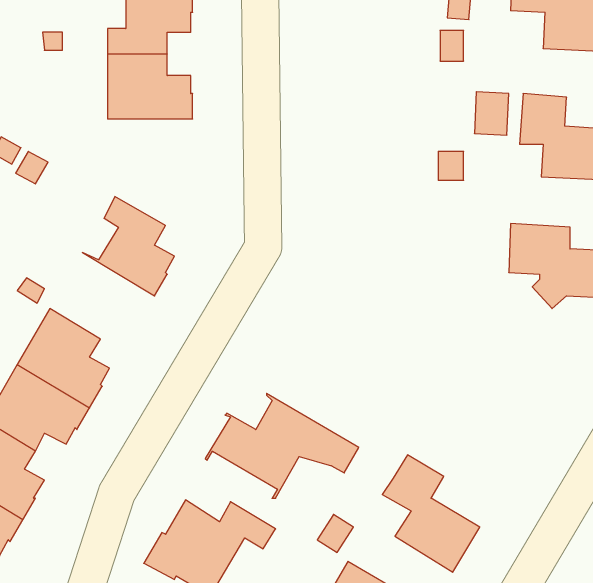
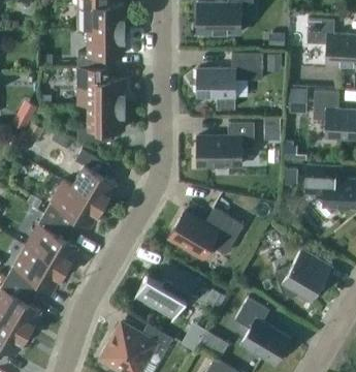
building: none -> [197,53,262,109]
building: none -> [77,104,126,142]
building: none -> [197,122,254,165]
building: none -> [44,181,104,230]
building: none -> [169,208,244,259]
building: none -> [276,249,332,302]

